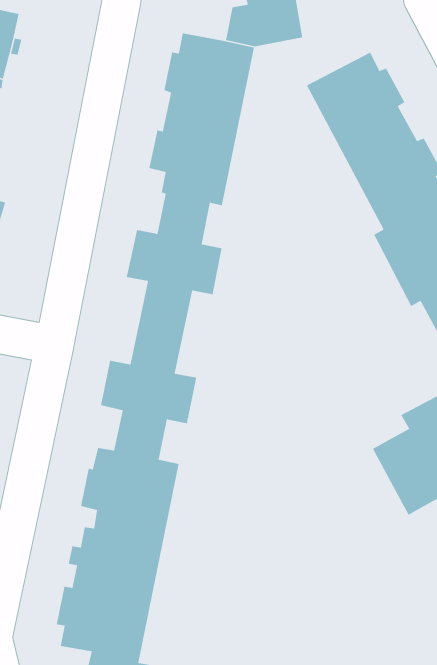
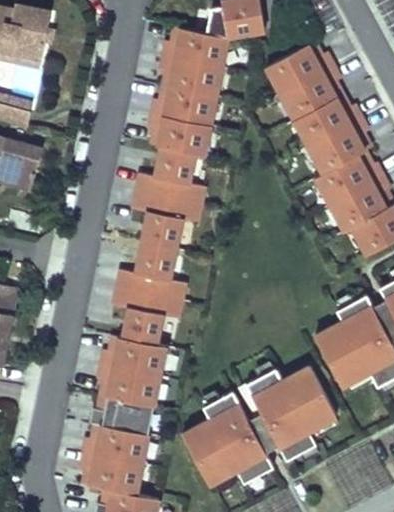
building: none -> [181,366,335,484]

